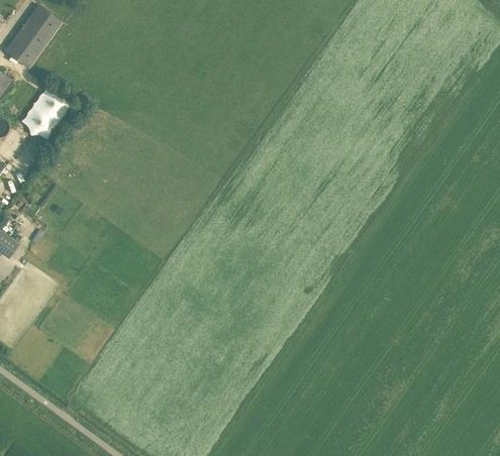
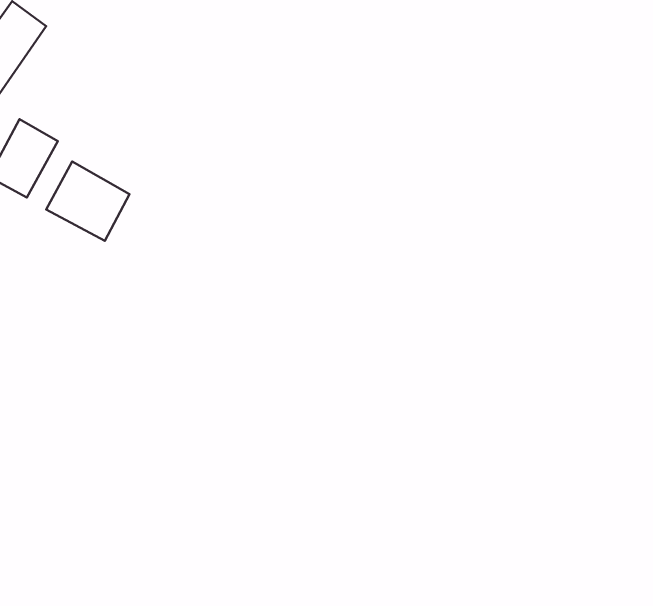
building: none -> [46,161,129,241]

